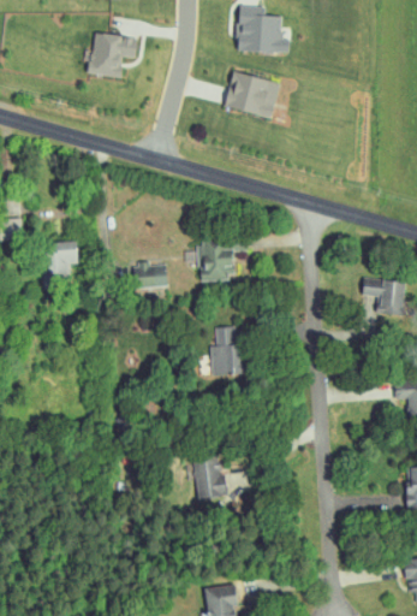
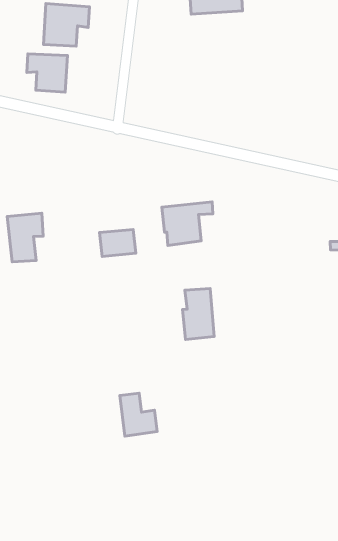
building: [224,70,280,118] -> none
building: none -> [27,54,67,92]
building: [199,456,234,498] -> [120,393,157,436]

